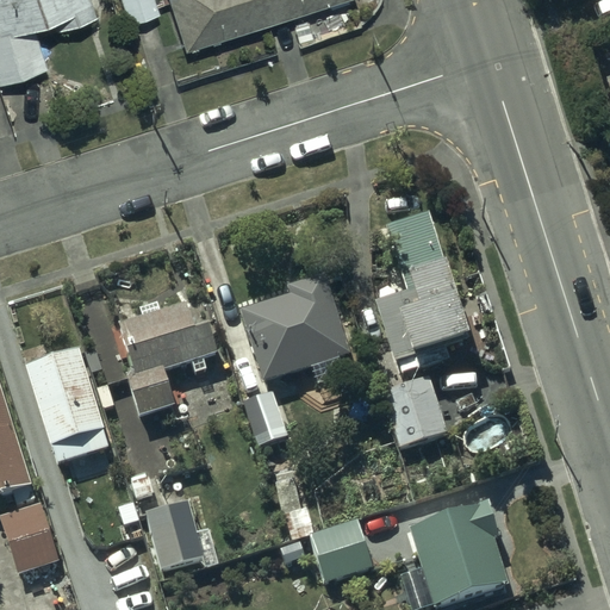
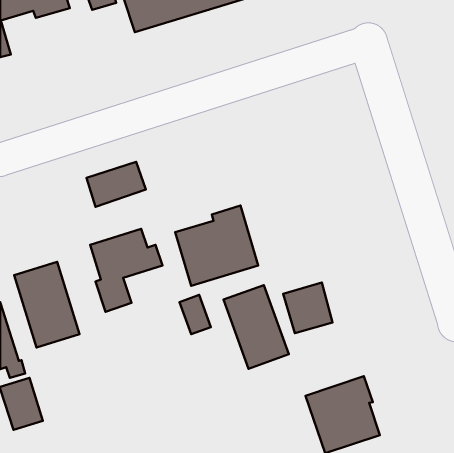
building: [372,210,463,355] -> none
building: none -> [87,162,146,207]
building: none -> [224,285,289,369]
building: [144,499,205,568] -> none
building: [309,517,374,581] -> none

